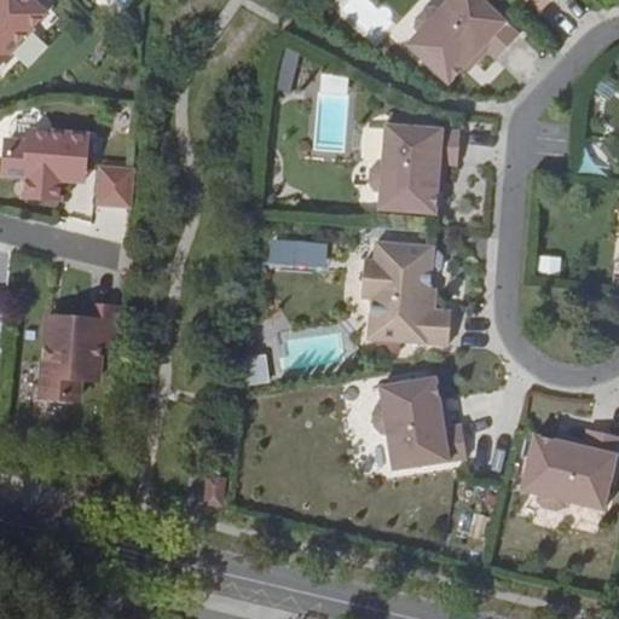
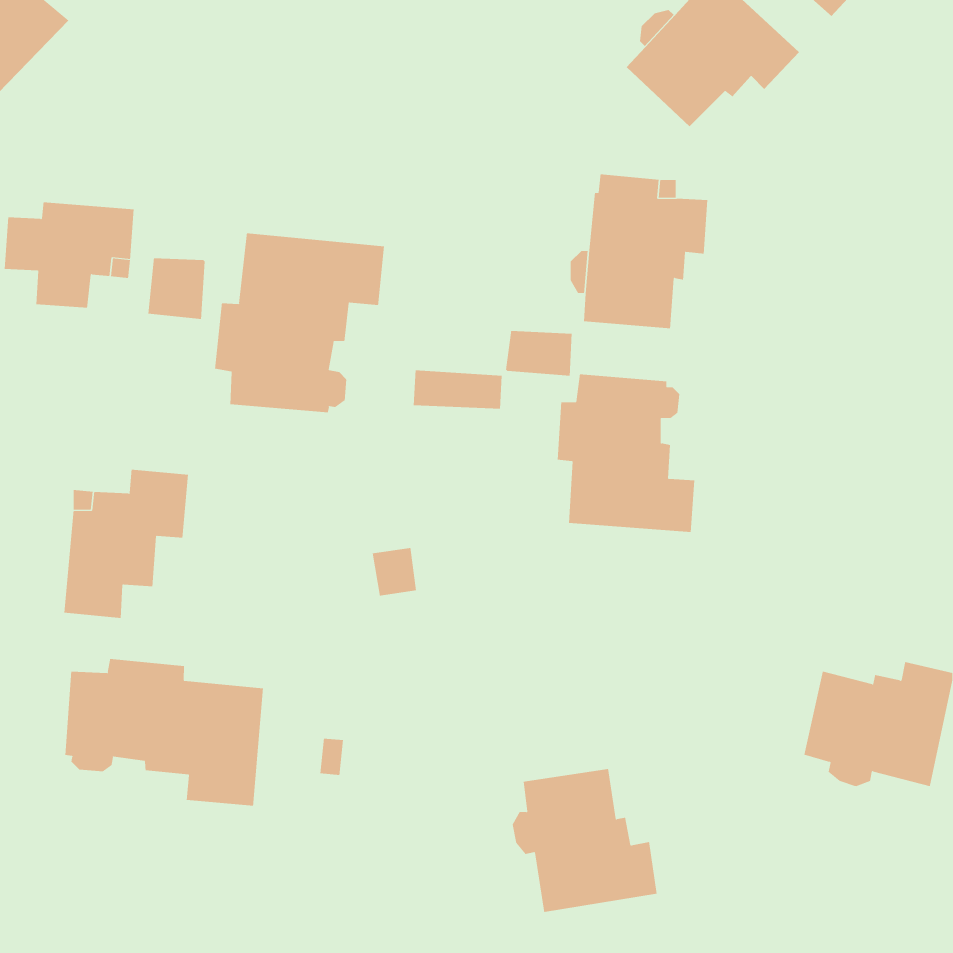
building: none -> [215,233,384,413]
building: none -> [505,330,572,376]
building: [371,377,465,470] -> [512,769,657,912]
building: none -> [65,658,264,807]

